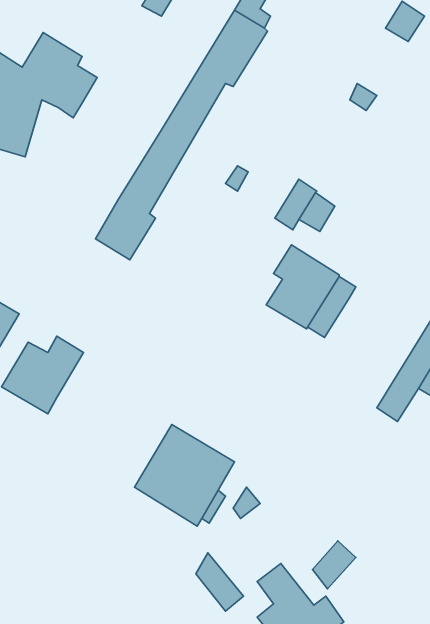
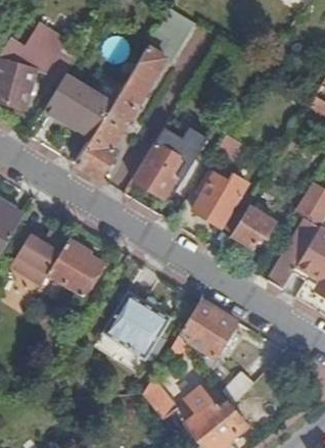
building: none -> [44,74,121,139]
building: none -> [133,142,186,198]
building: none -> [231,205,275,247]
building: none -> [49,241,101,296]
building: none -> [183,300,236,357]

